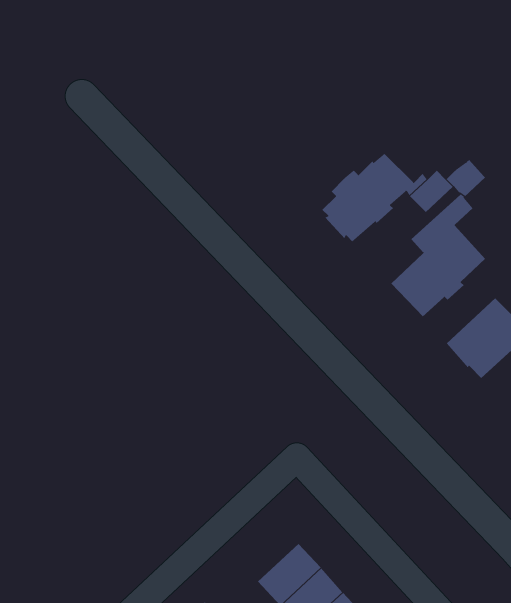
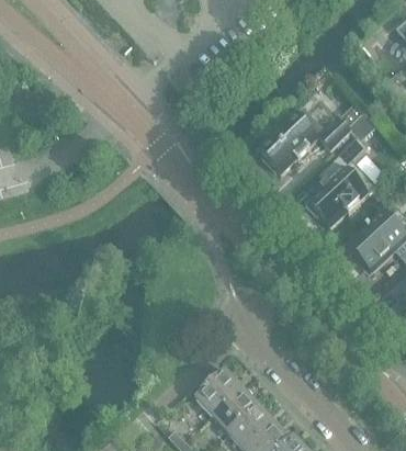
building: none -> [196,370,244,416]

